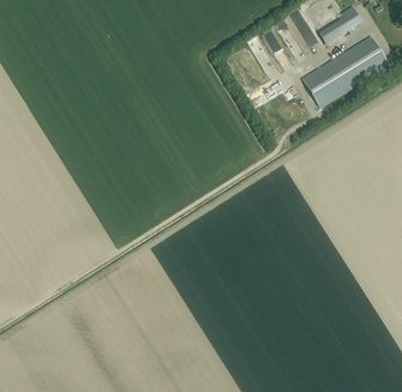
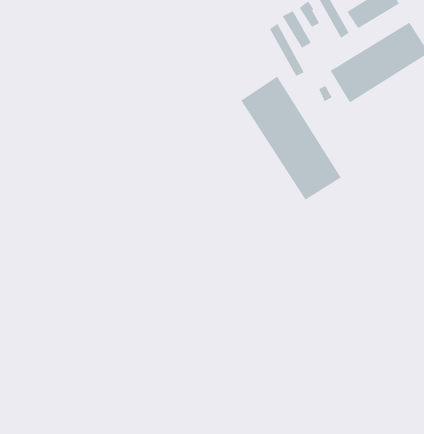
building: none -> [240,76,342,201]

